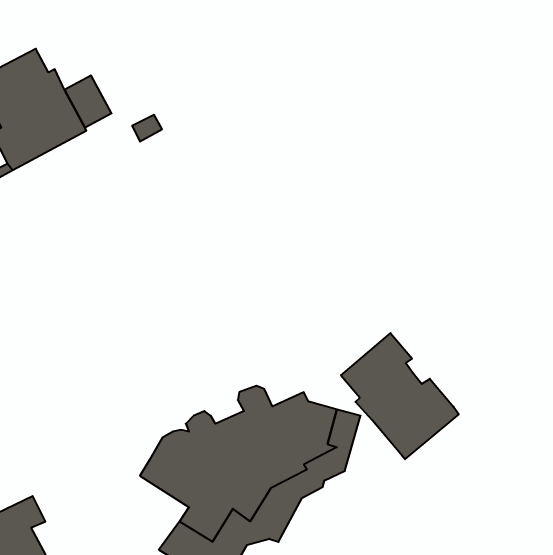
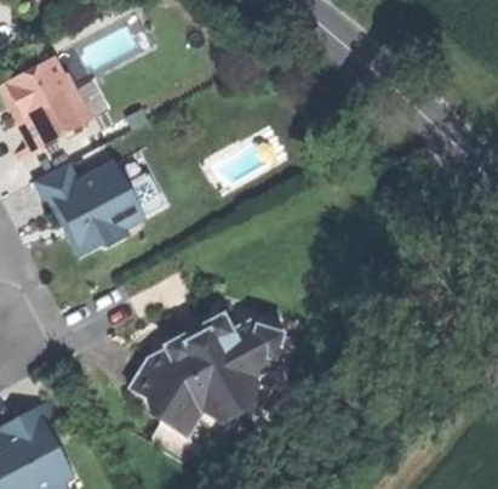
building: none -> [32,159,142,252]
building: [341,333,459,459] -> none

